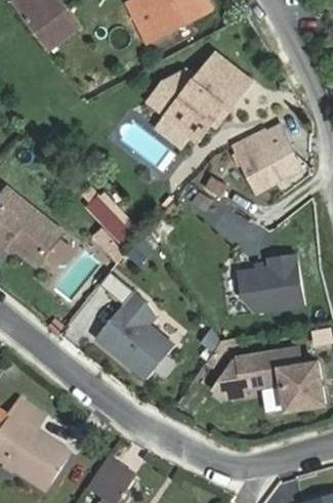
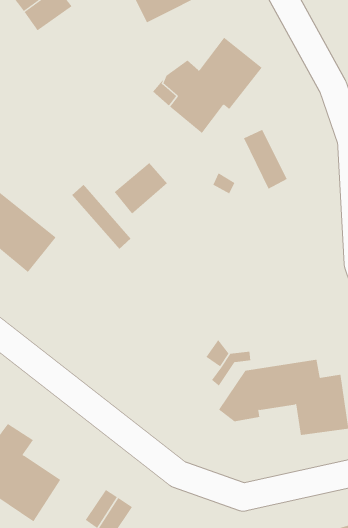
building: [249,133,298,182] -> none
building: none -> [114,162,168,214]
building: [236,252,303,312] -> none
building: [93,289,172,379] -> none

